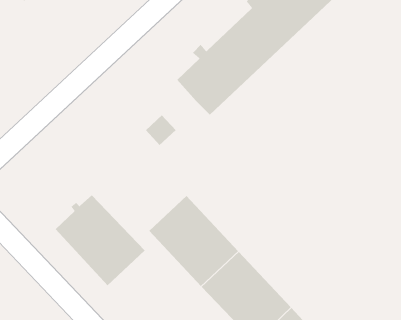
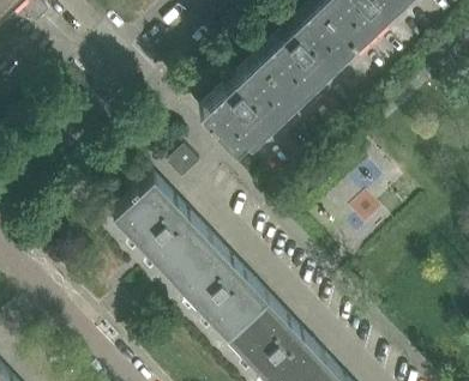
building: [55,194,145,286] -> [116,181,214,279]

